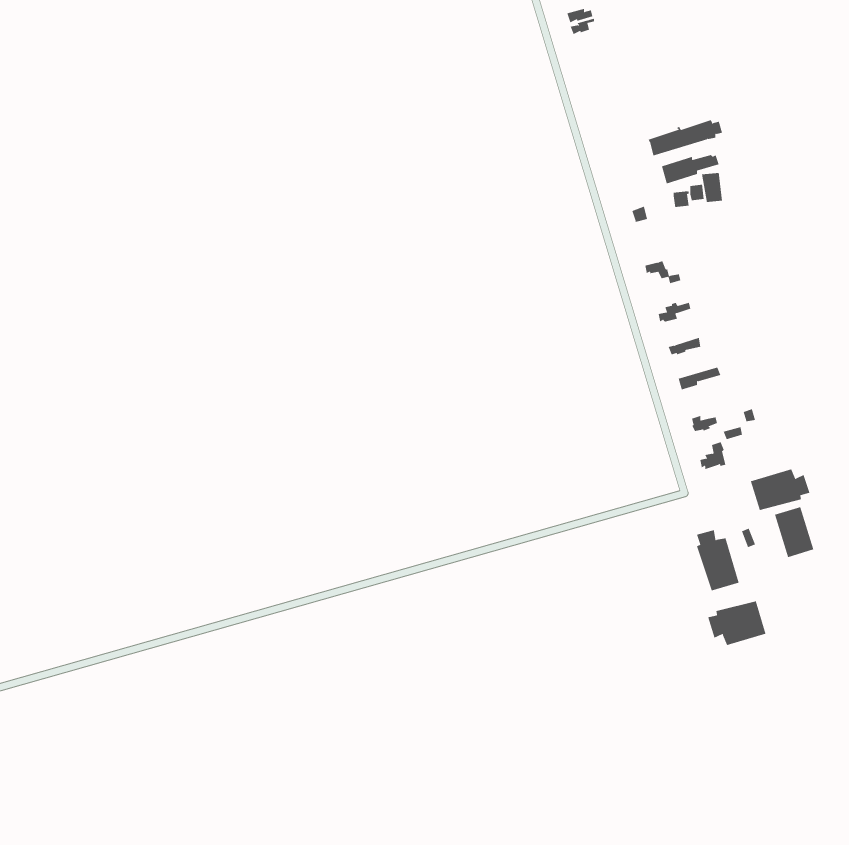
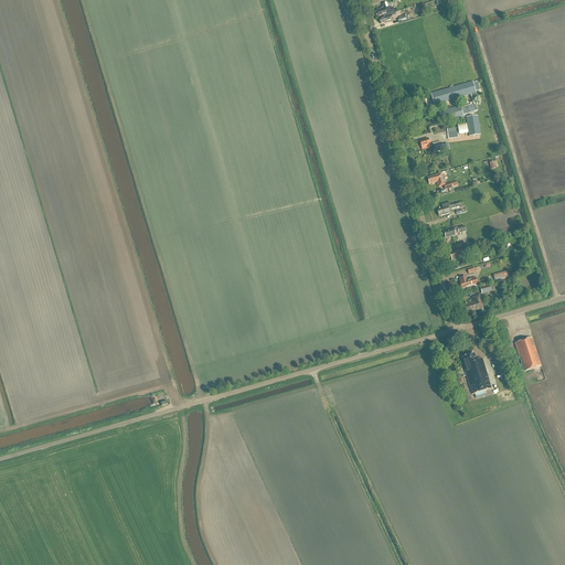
building: [750,468,810,511] -> none
building: [707,600,766,646] -> none

